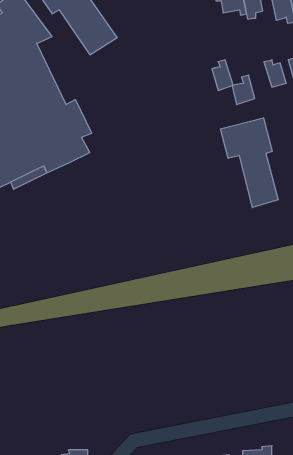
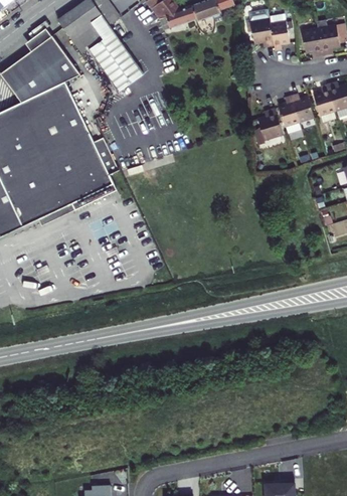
building: [212,60,233,90] -> [276,97,297,127]
building: [221,118,278,208] -> none

